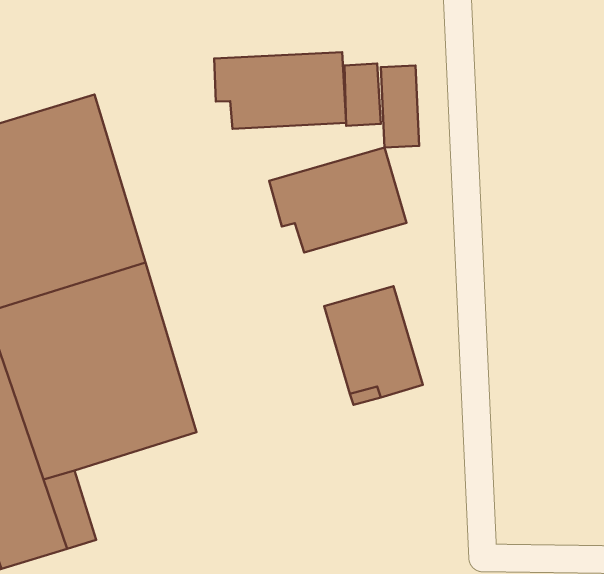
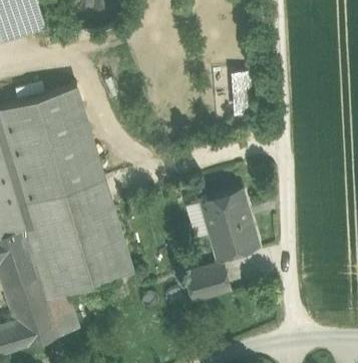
building: [214,52,346,129] -> none
building: [269,148,407,253] -> none
building: none -> [186,267,229,301]

